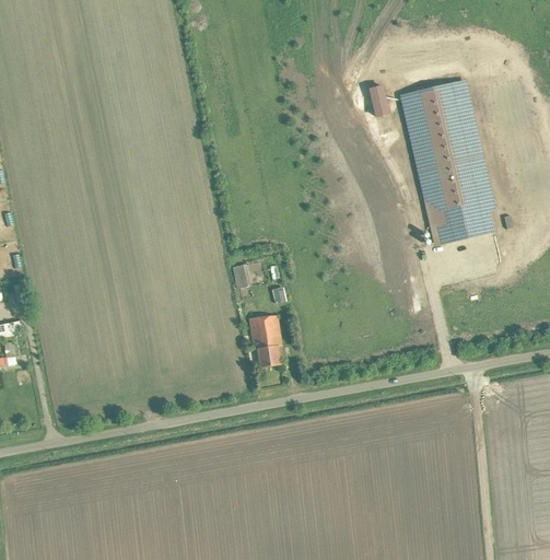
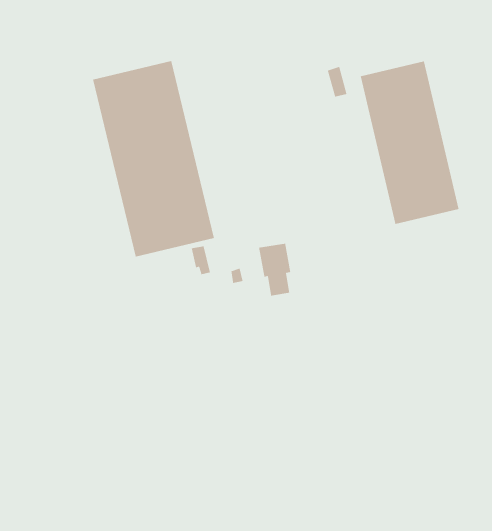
building: none -> [92,60,215,258]
building: [247,314,280,368] -> [258,243,291,297]

